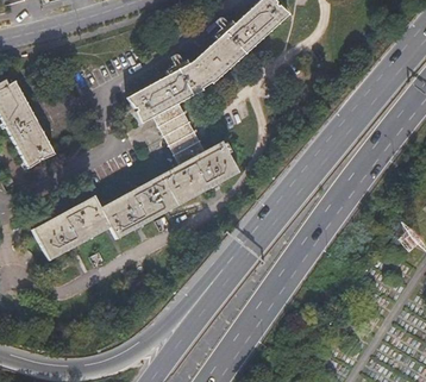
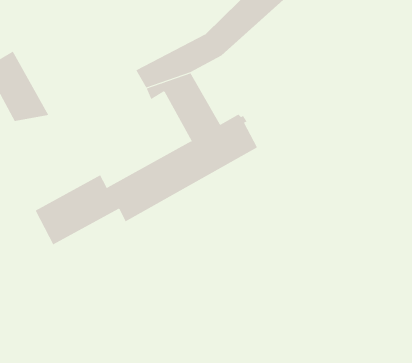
building: [15,139,55,168] -> none

